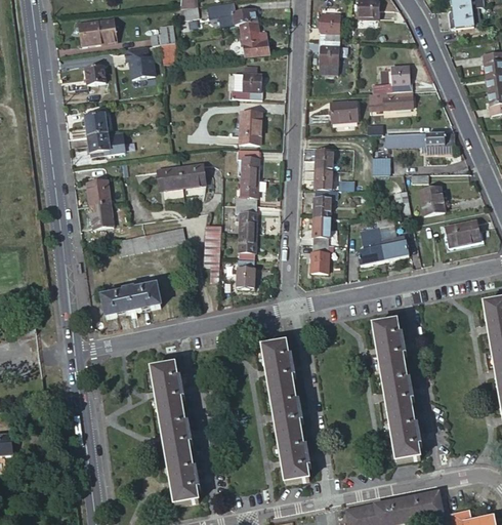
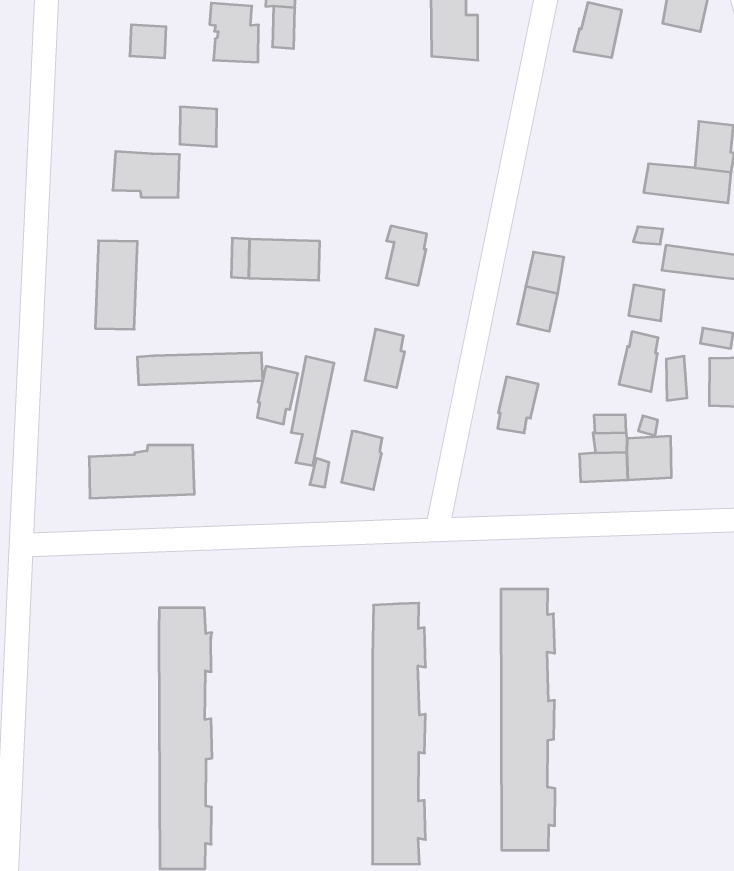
building: [318,41,339,76] -> none
building: [242,73,262,99] -> none
building: [335,103,362,123] -> none
building: [239,111,261,145] -> none
building: [85,113,108,134] -> [180,107,217,146]
building: [236,176,258,205] -> none
building: [312,189,330,218] -> [619,332,658,392]
building: [238,232,256,260] -> [257,366,298,424]
building: [309,245,328,273] -> none
building: [373,322,422,462] -> [501,589,555,850]

